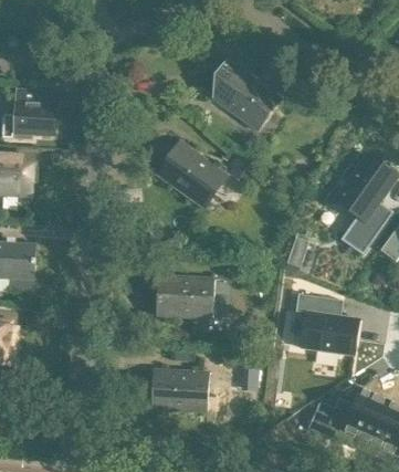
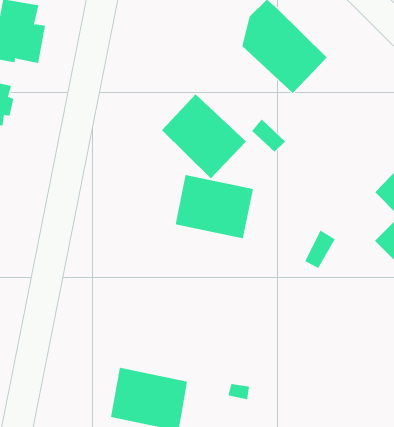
building: [156,274,214,318] -> [175,175,254,239]
building: [294,293,357,354] -> none

